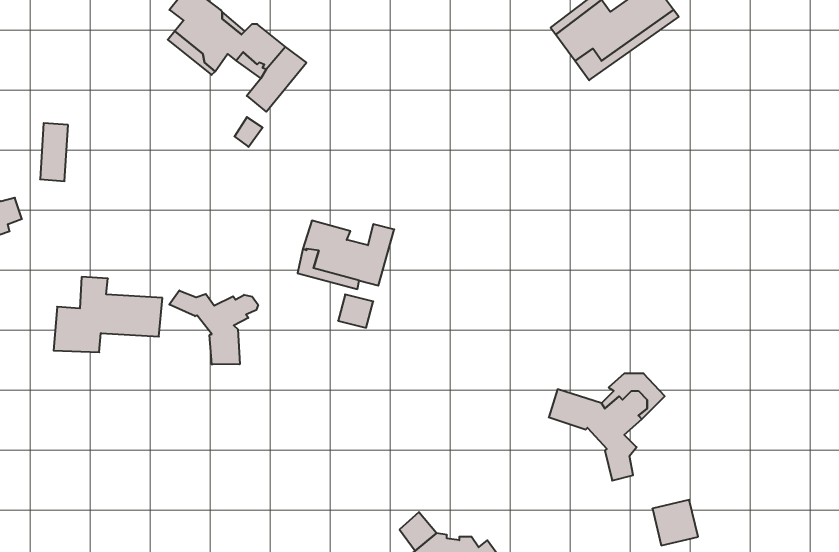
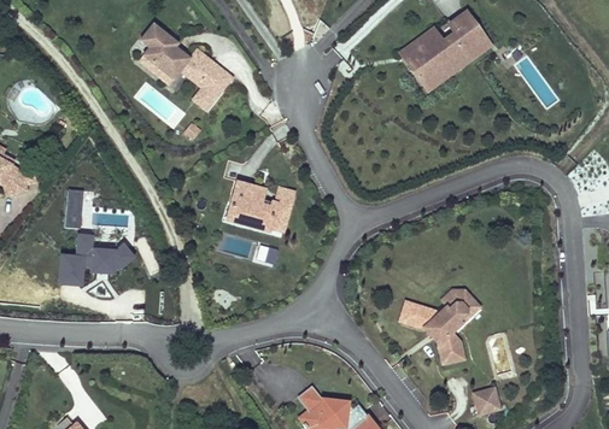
building: [40,123,68,181] -> [68,181,87,221]
building: [169,290,258,365] -> none

